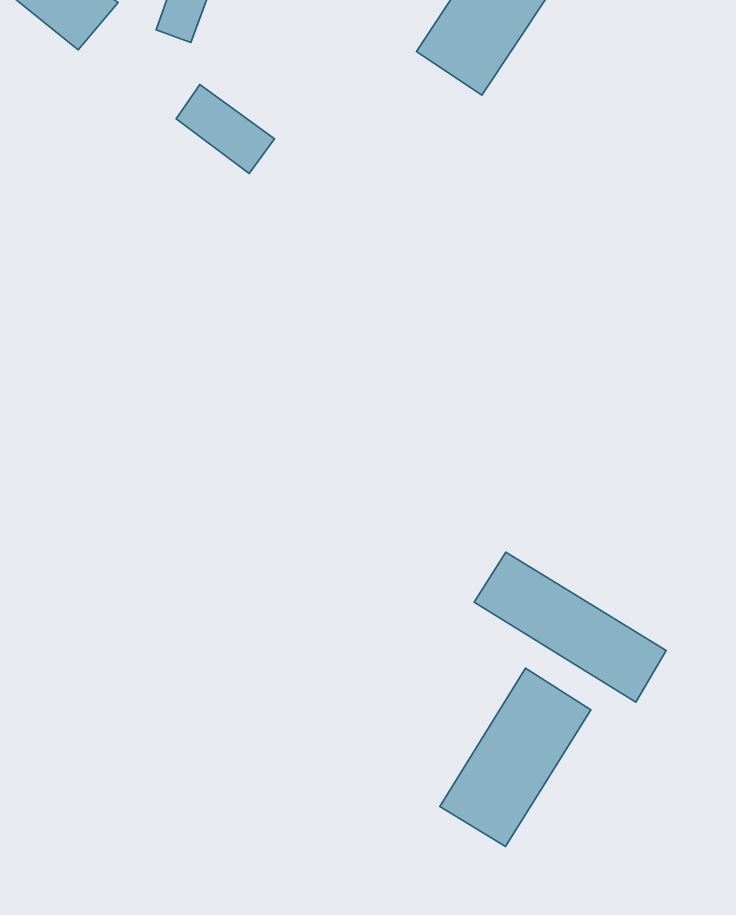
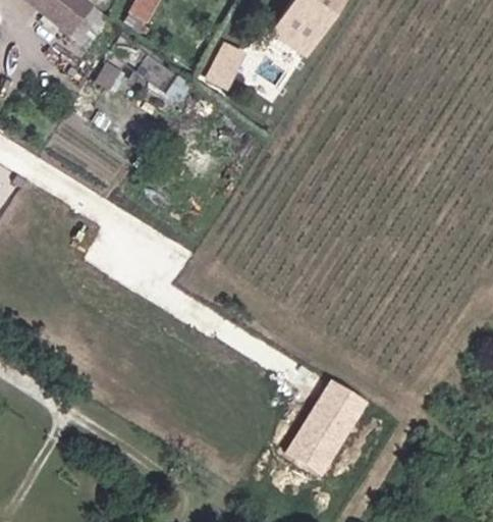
building: none -> [201,39,243,90]
building: [474,552,666,702] -> none

